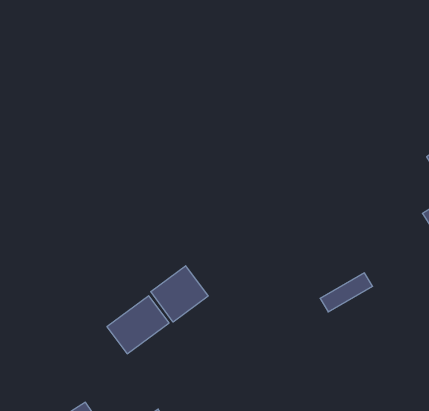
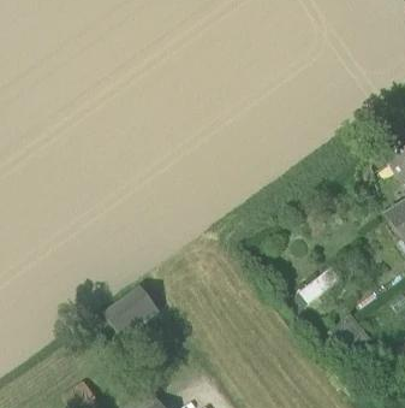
building: [151,266,208,322] -> none

